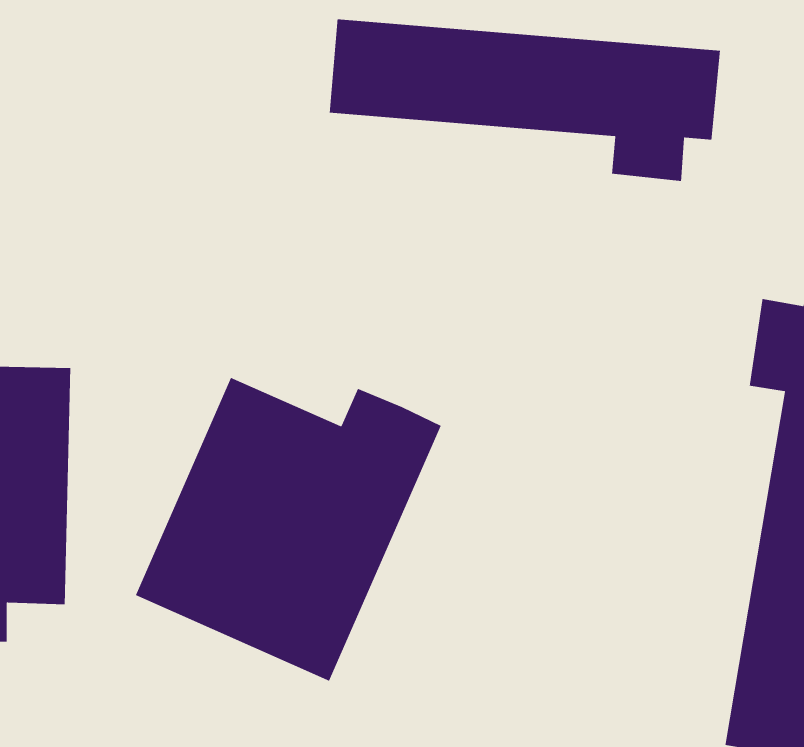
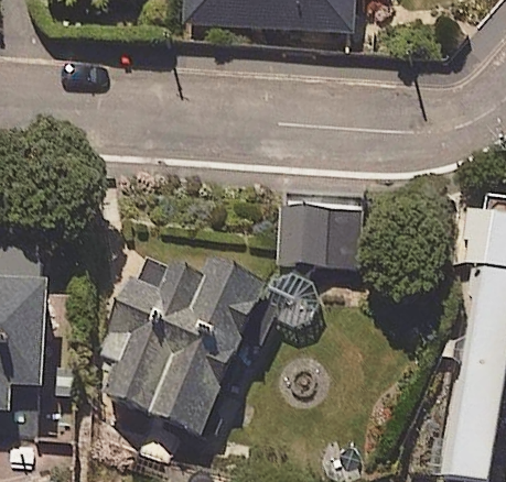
building: [329,18,721,182] -> none
building: none -> [277,198,362,256]

